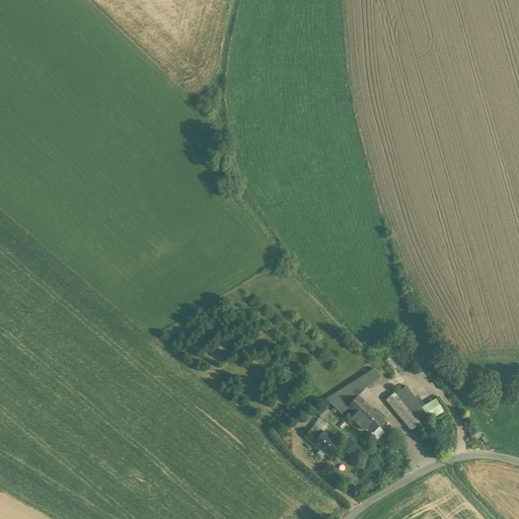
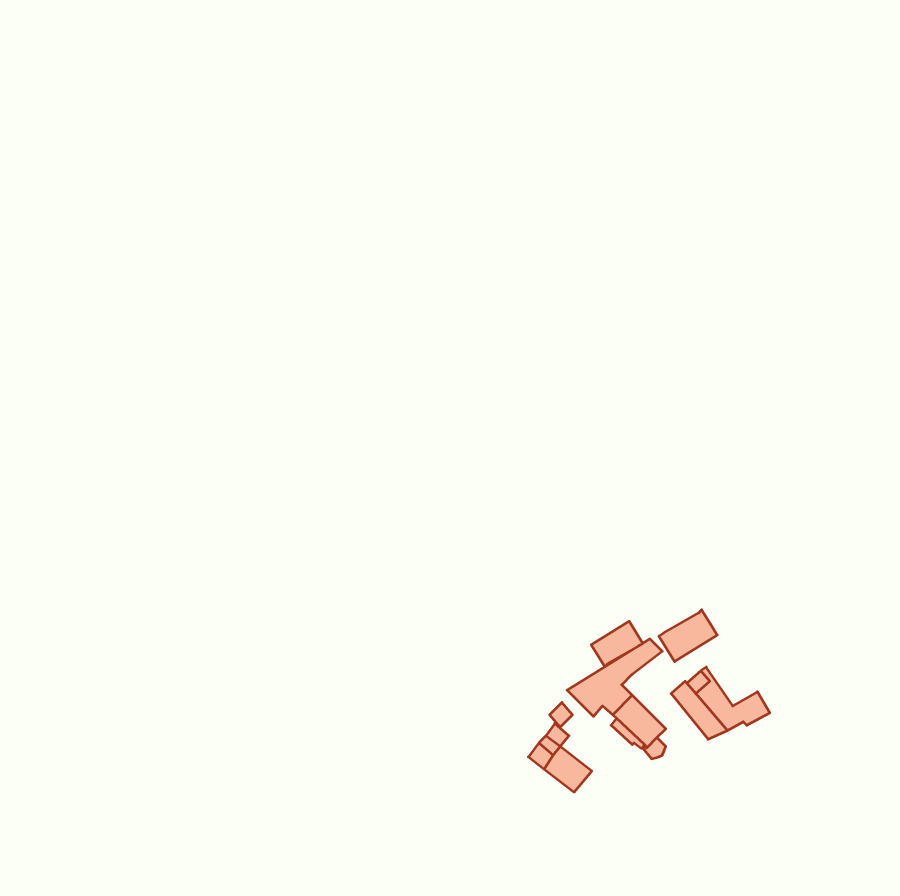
building: none -> [659,610,717,662]
building: none -> [591,621,643,667]

